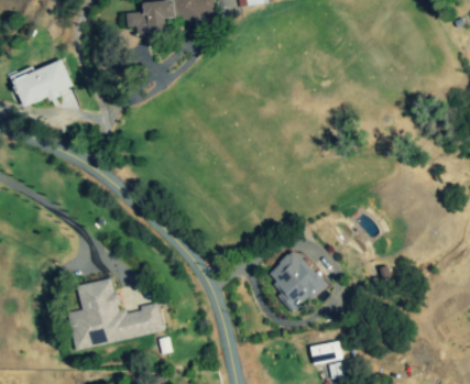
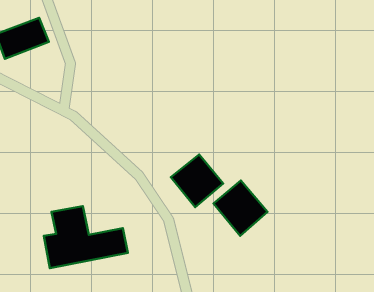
building: none -> [171,154,223,207]
building: [309,340,341,364] -> none

